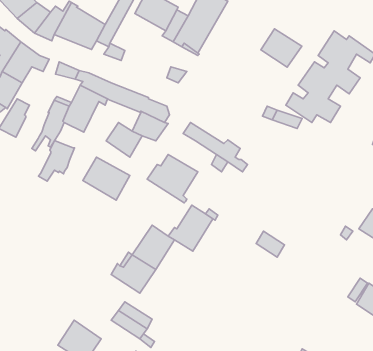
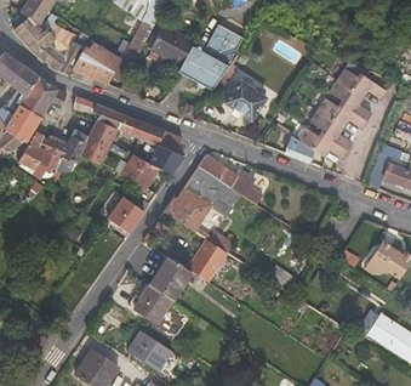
building: [261,29,302,67] -> [226,81,266,119]
building: none -> [183,166,218,204]
building: [39,140,74,181] -> [32,138,67,178]

